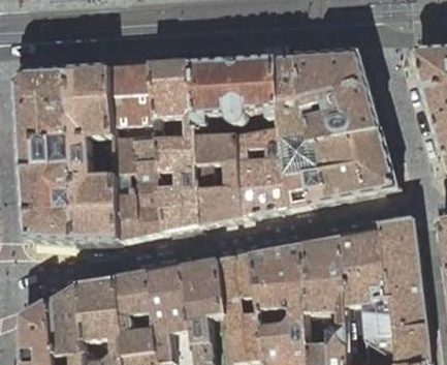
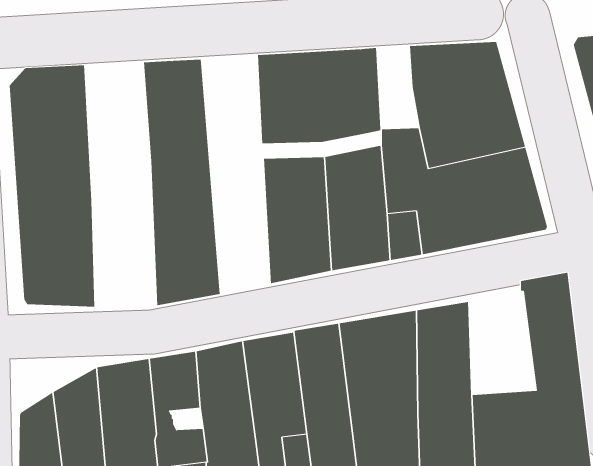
building: [276,55,306,114] -> none
building: [152,61,200,231] -> none
building: [69,66,120,240] -> none
building: [341,229,388,302] -> none

